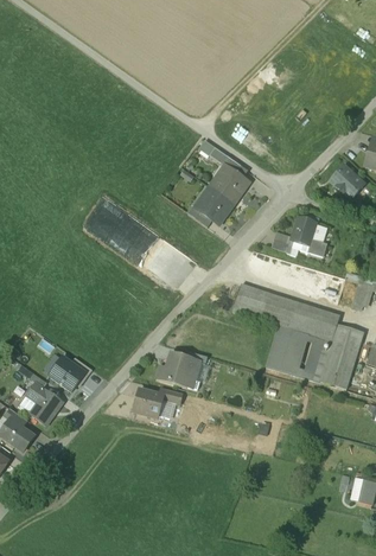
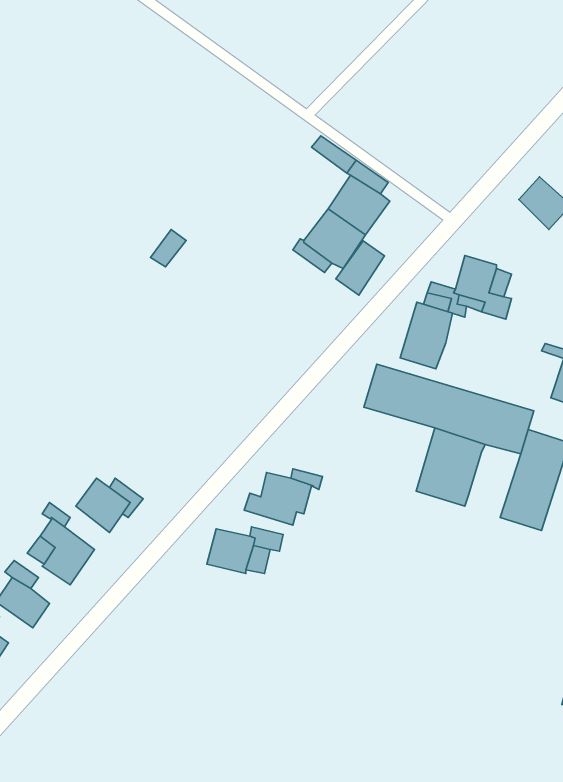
building: none -> [336,241,385,295]
building: none -> [400,302,453,369]
building: [297,335,332,382] -> none

